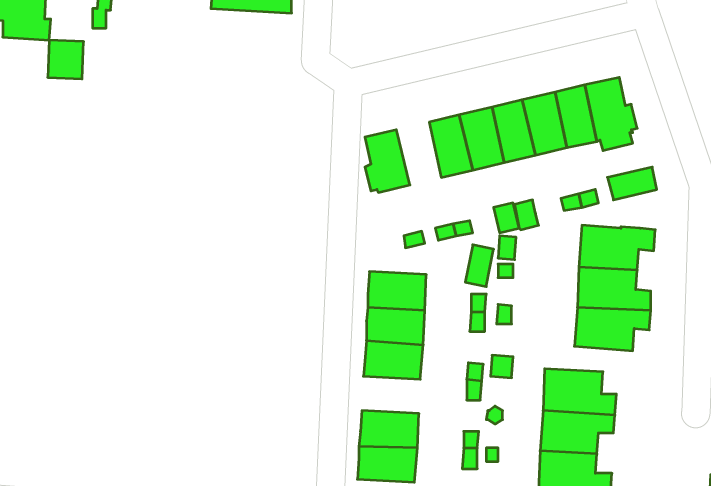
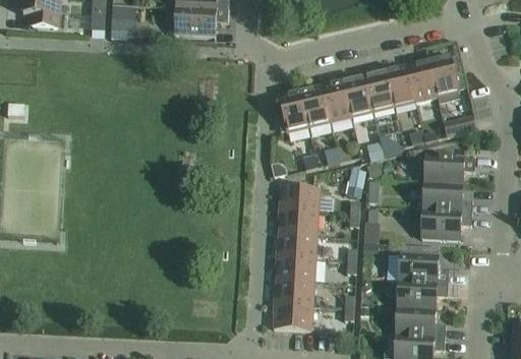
building: none -> [172,7,228,38]
building: [48,40,84,79] -> [111,6,135,33]
building: none -> [299,84,330,127]
building: none -> [276,257,315,283]

